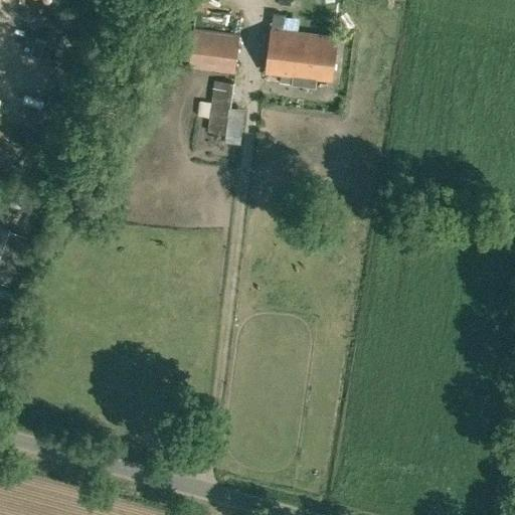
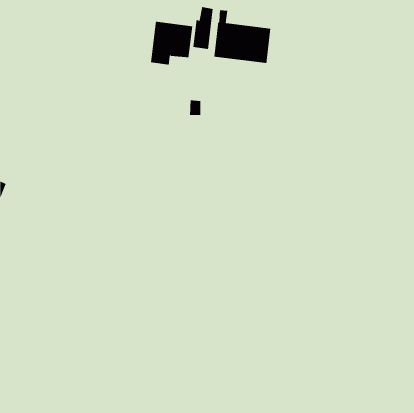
building: [206,81,232,135] -> [192,6,214,50]

